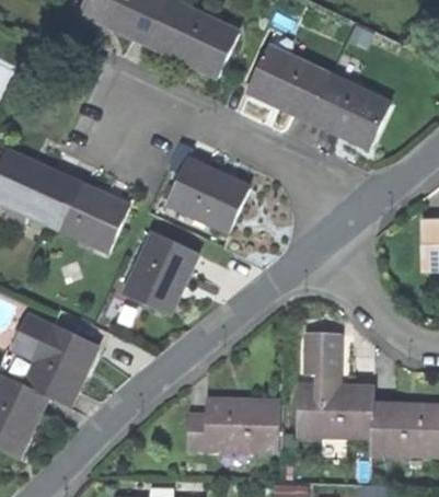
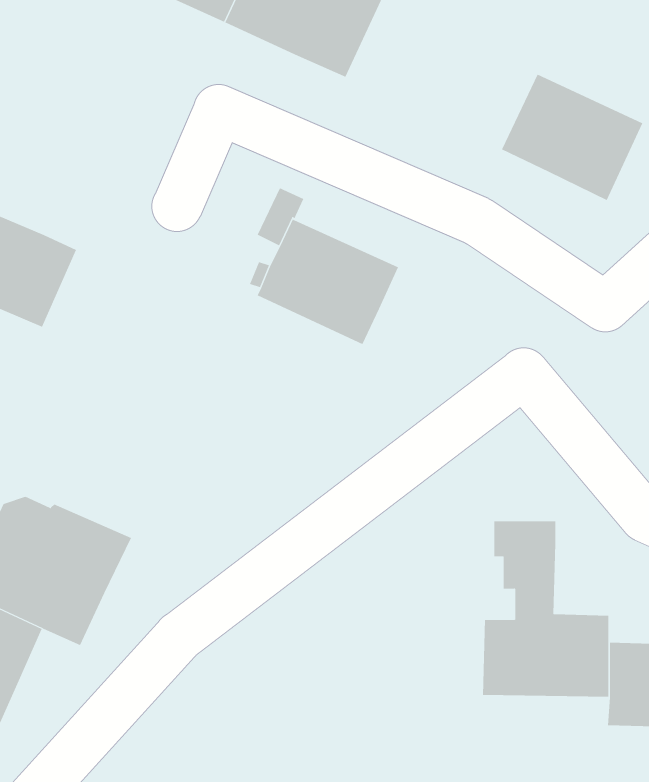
building: [250,48,331,120] -> none
building: [45,178,131,251] -> none
building: [124,232,198,315] -> none
building: [190,402,284,451] -> none

